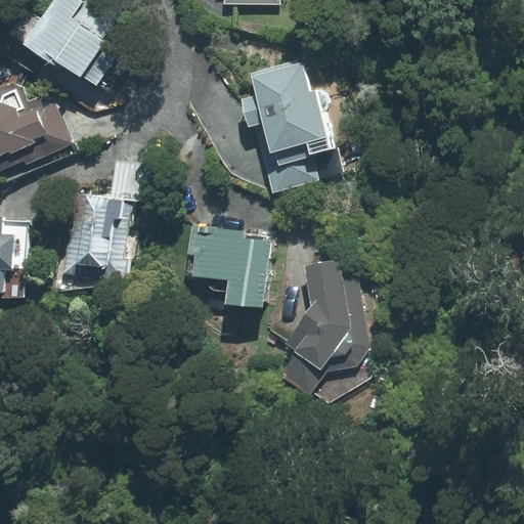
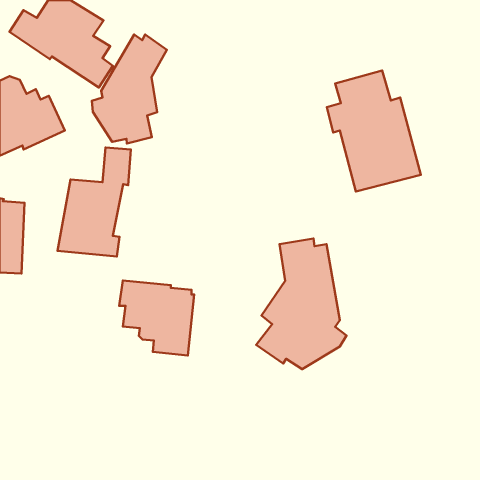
building: none -> [92,34,167,143]
building: [241,59,343,191] -> [327,70,421,192]
building: [187,226,269,308] -> [119,280,194,356]

